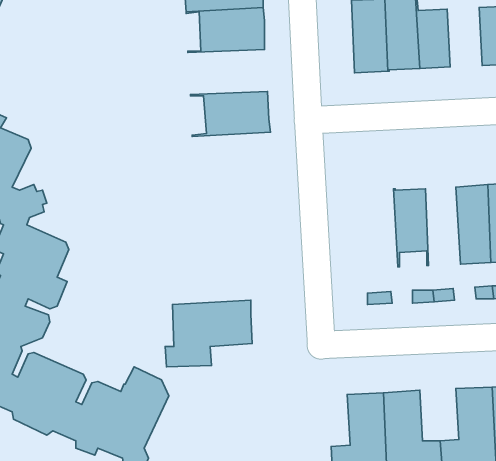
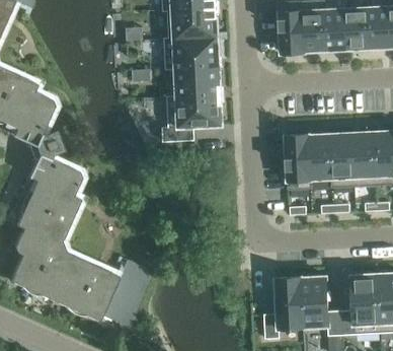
building: none -> [345,7,370,49]
building: none -> [164,37,220,68]
building: none -> [330,133,355,188]
building: none -> [285,134,311,190]
building: [165,300,252,367] -> [162,94,223,141]

